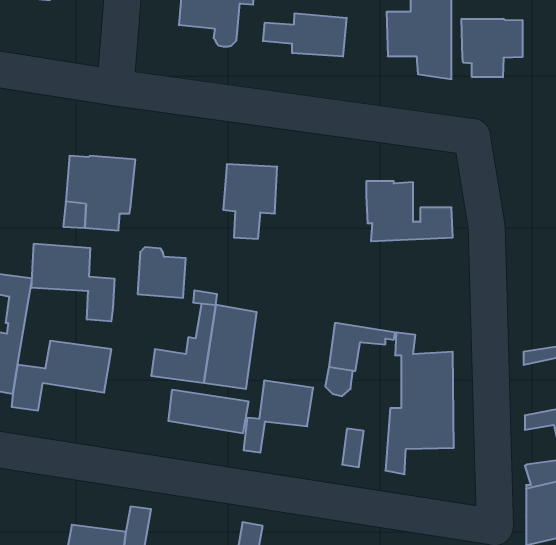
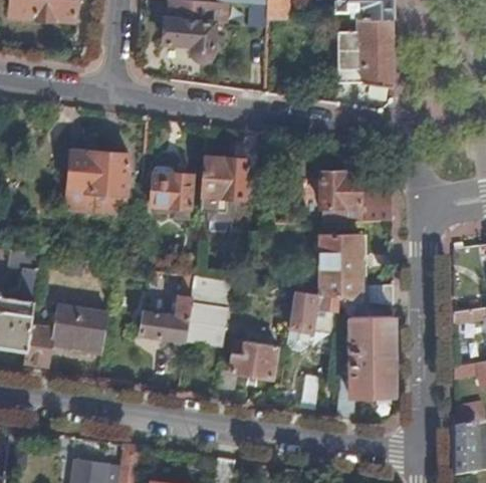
building: [263,13,347,57] -> none
building: [462,19,522,77] -> none
building: [32,244,114,321] -> none
building: [138,247,186,298] -> [152,167,192,209]
building: none -> [321,236,370,302]
building: [168,390,248,433] -> none

